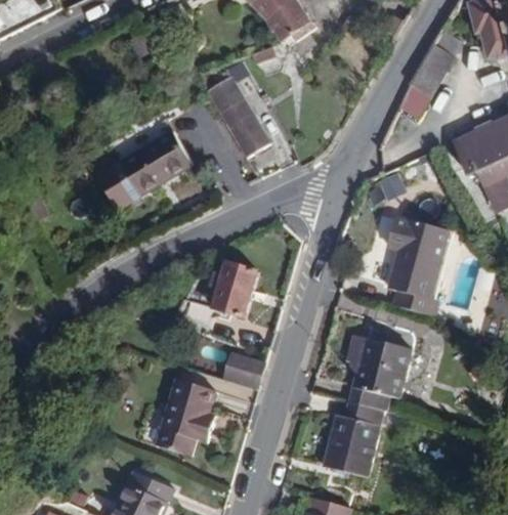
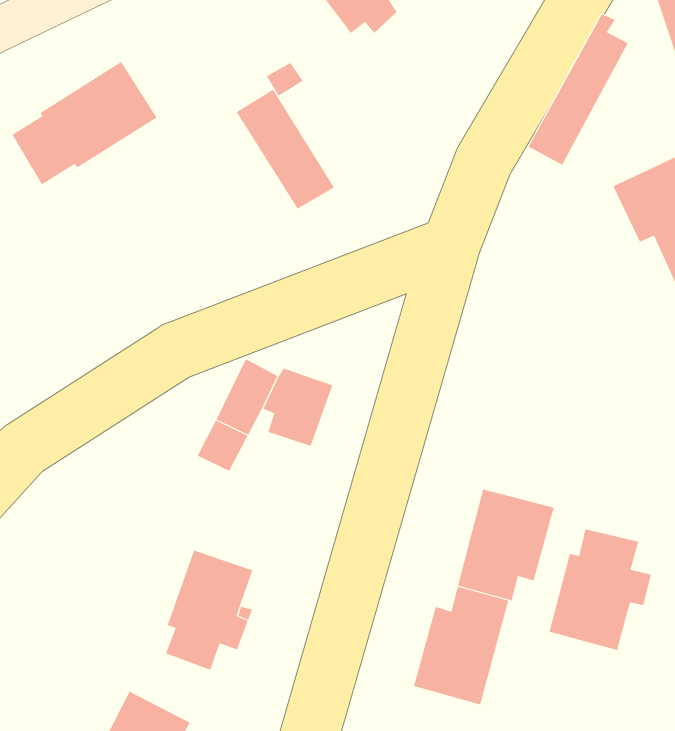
building: [96,127,192,208] -> [12,61,158,185]
building: [388,218,450,316] -> none
building: [223,353,265,387] -> none
building: none -> [549,528,651,651]

